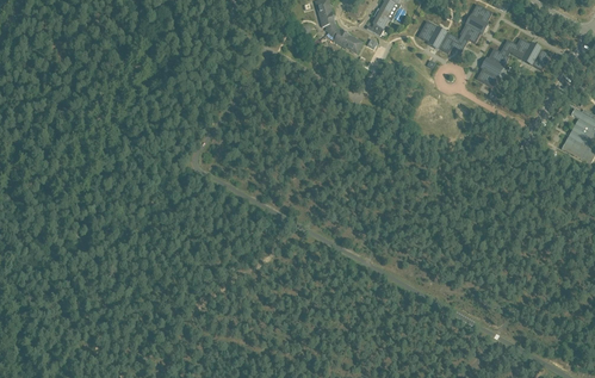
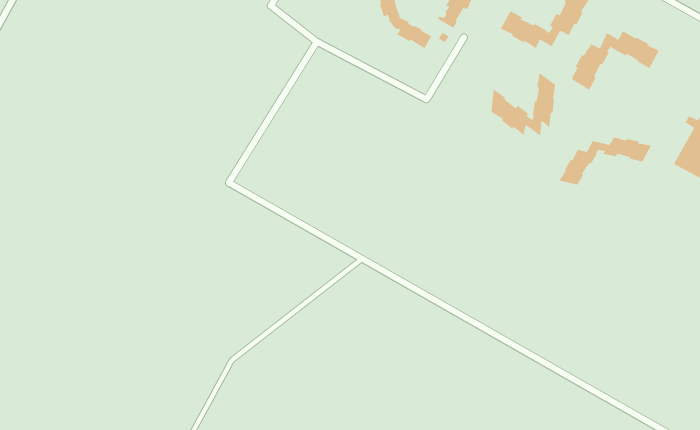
building: none -> [491,72,556,137]
building: none -> [558,137,652,186]

